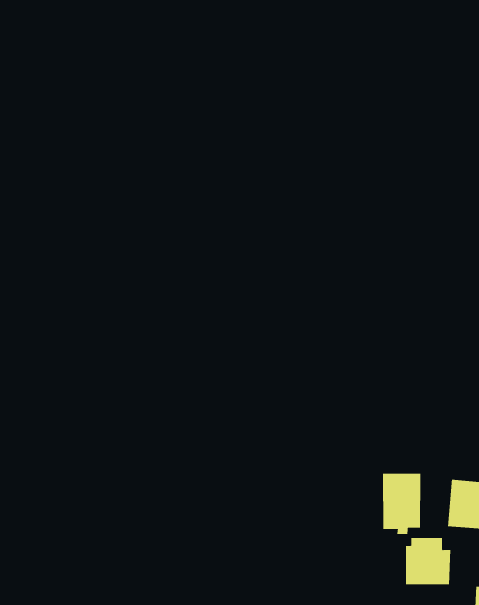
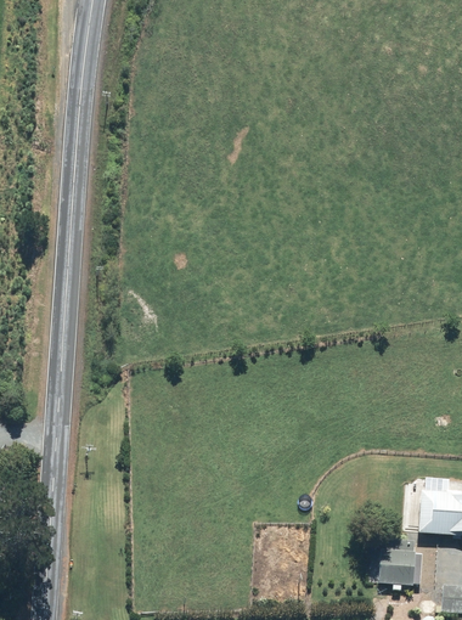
building: [382,473,421,535] -> none

